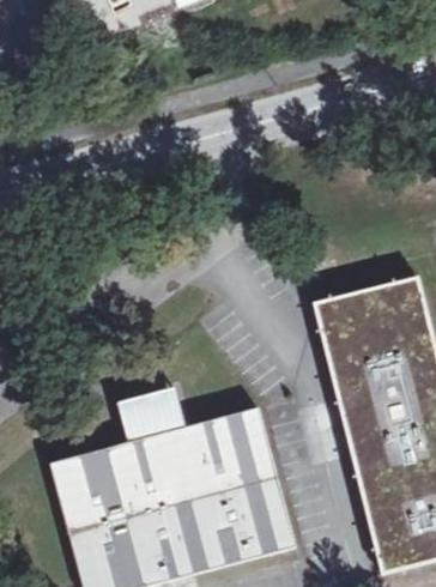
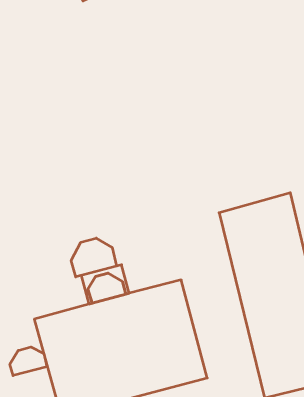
building: none -> [71,238,117,277]
building: none -> [10,347,47,376]

